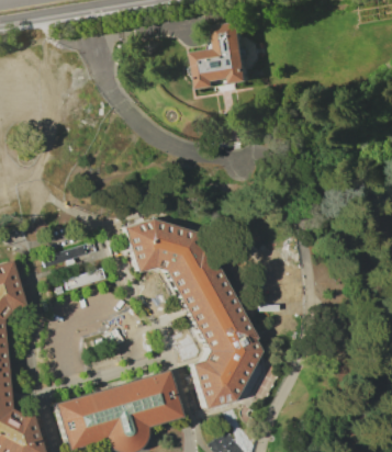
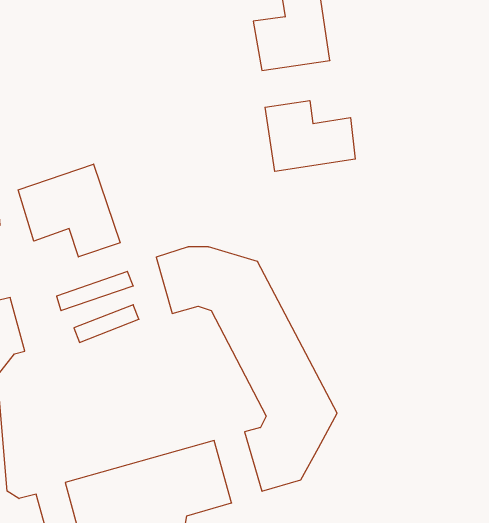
building: none -> [265,101,355,171]
building: none -> [18,164,120,257]

